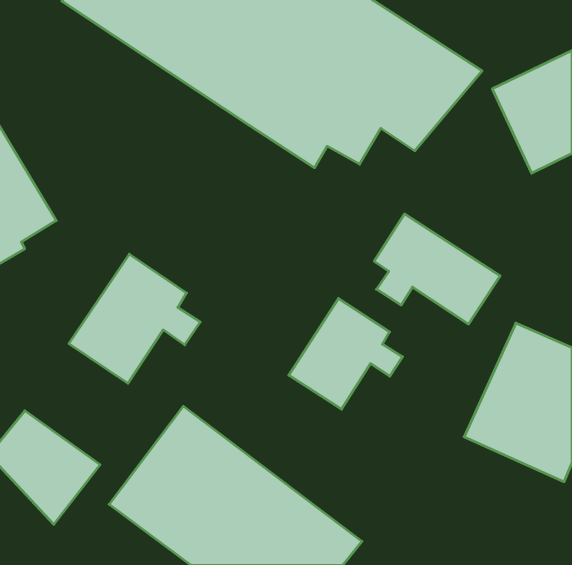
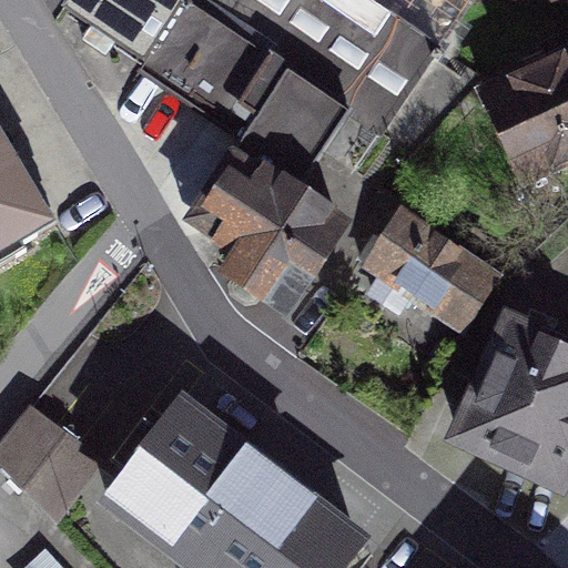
building: none -> [187,124,339,304]
building: [69,254,200,383] -> none
building: [289,298,403,409] -> none

